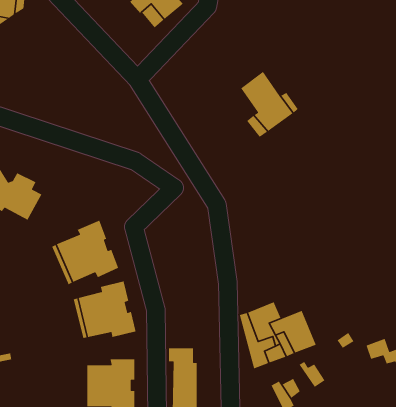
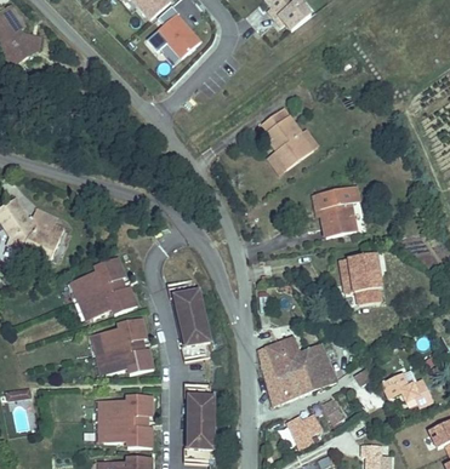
building: none -> [313,188,353,238]
building: none -> [341,247,377,301]
building: none -> [167,279,211,362]

